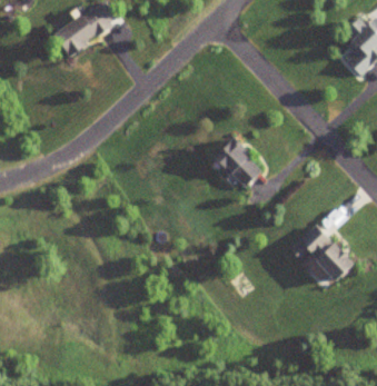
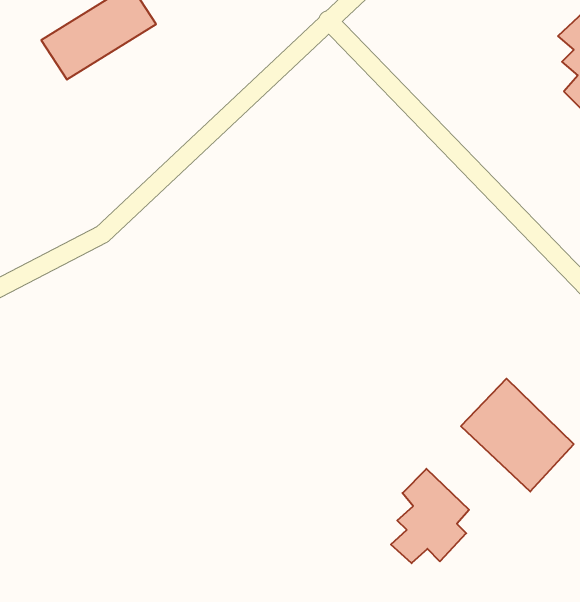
building: [211,140,261,190] -> none
building: none -> [391,469,469,563]

